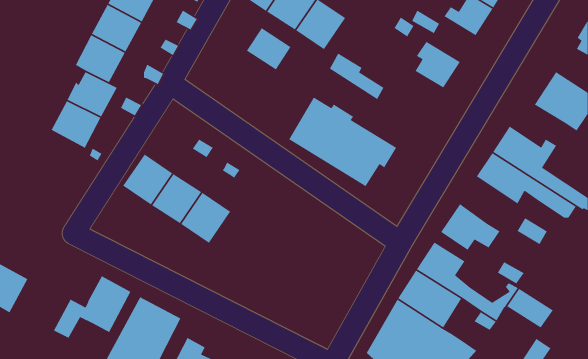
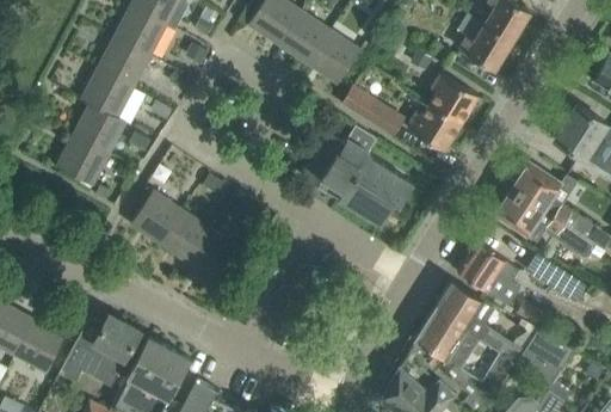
building: [246,27,292,71] -> none
building: none -> [407,106,461,152]
building: none -> [14,320,64,373]

